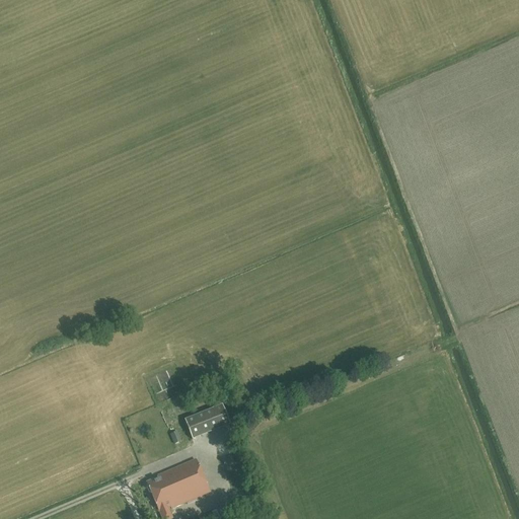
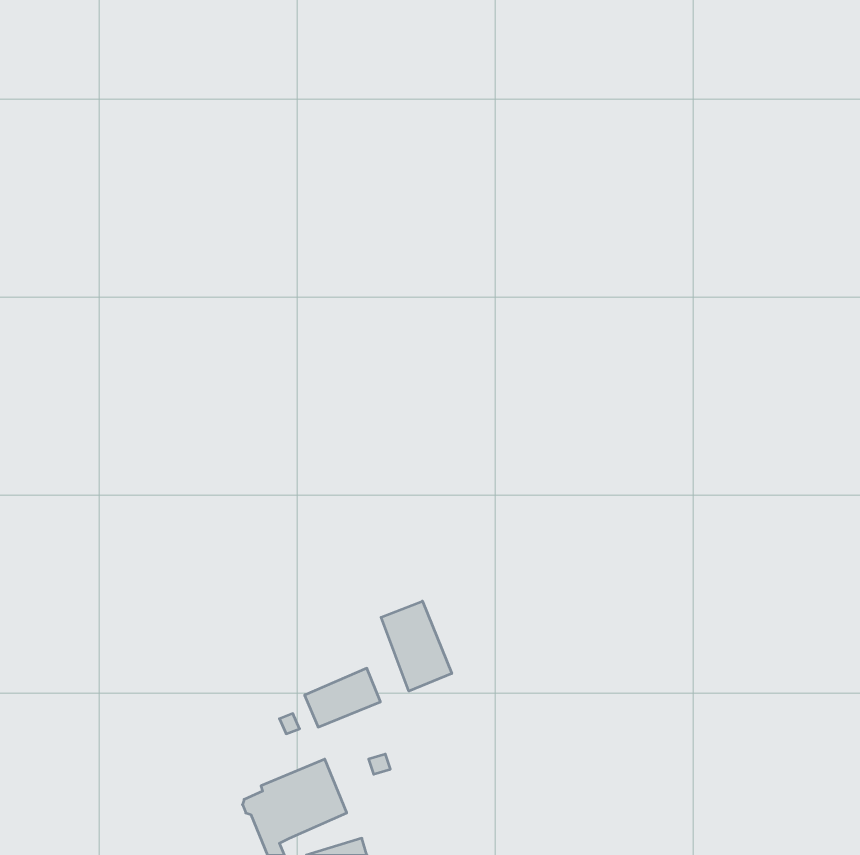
building: none -> [381,601,452,691]

